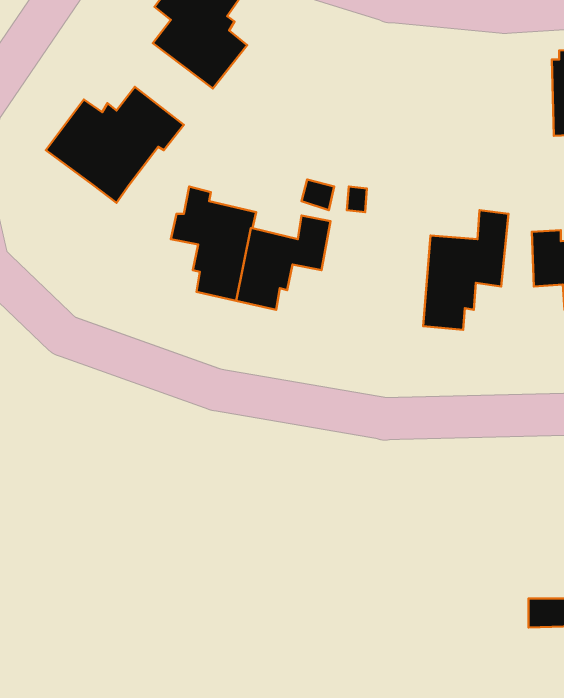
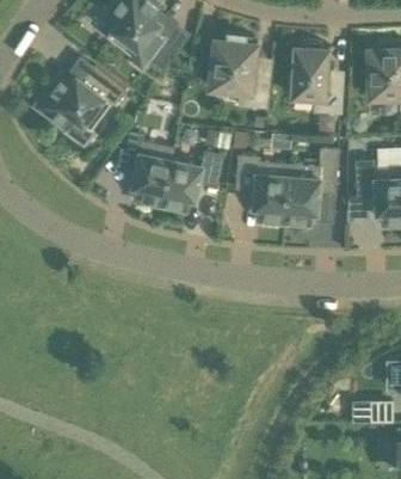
building: none -> [208,35,270,110]
building: none -> [291,43,343,116]
building: none -> [234,156,288,225]

